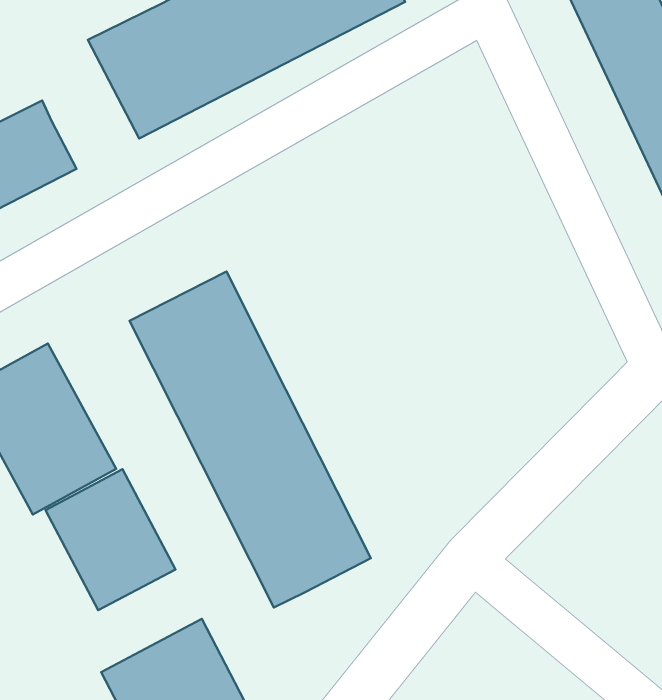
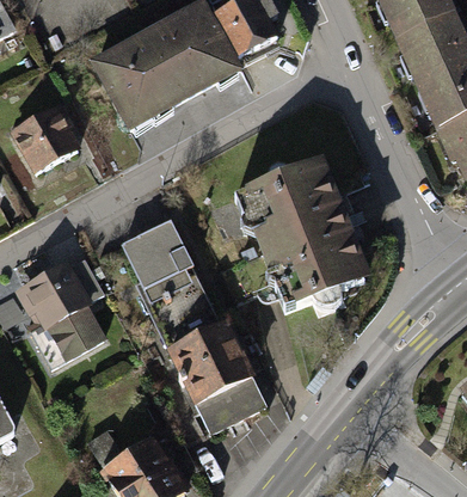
building: none -> [232,164,367,311]
building: [45,469,176,610] -> none

